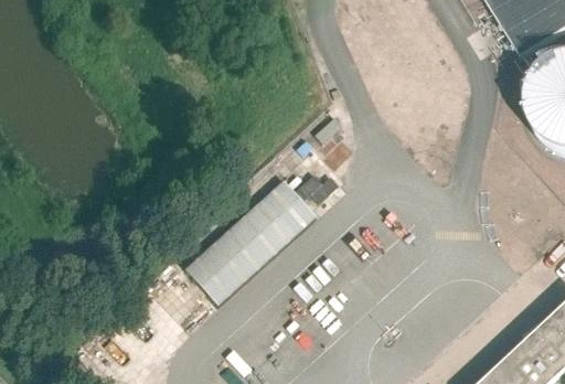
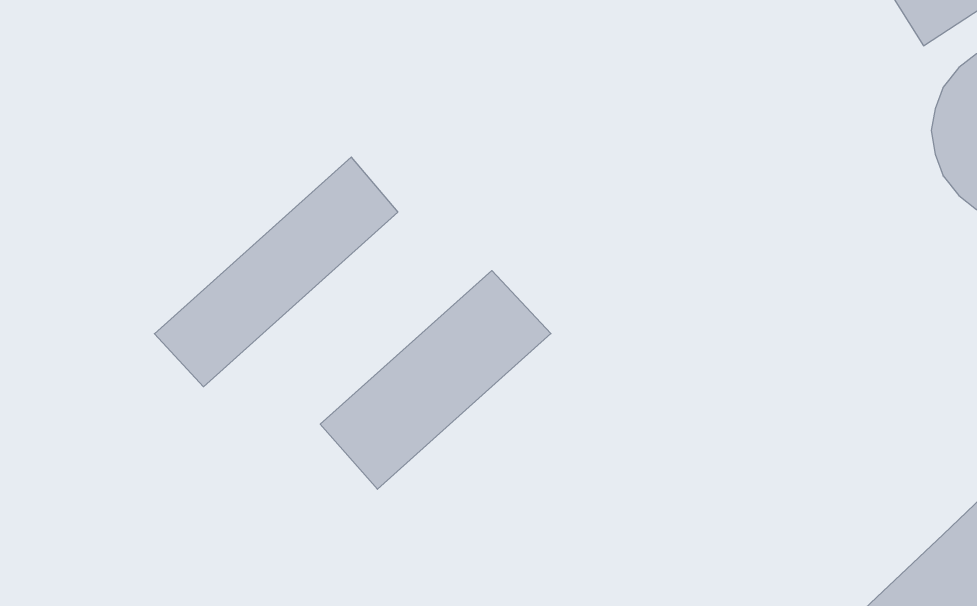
building: none -> [154,157,398,387]

